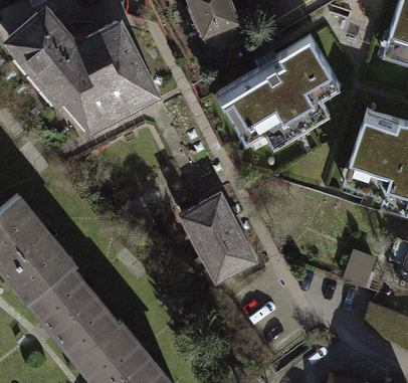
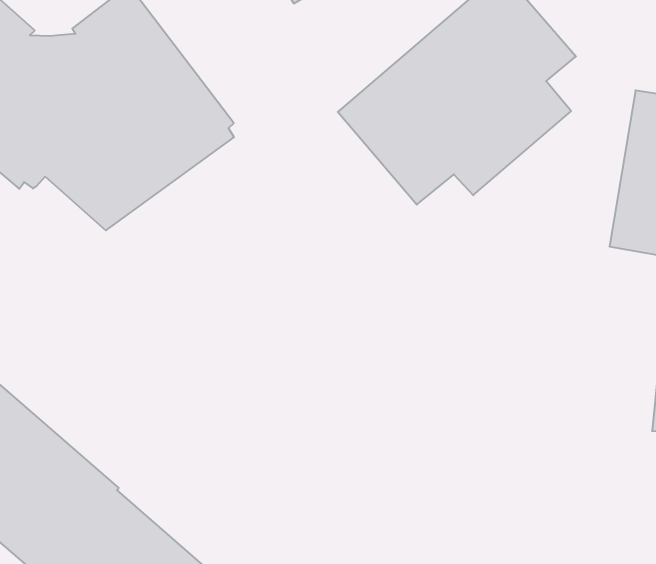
building: [181,195,256,283] -> none

